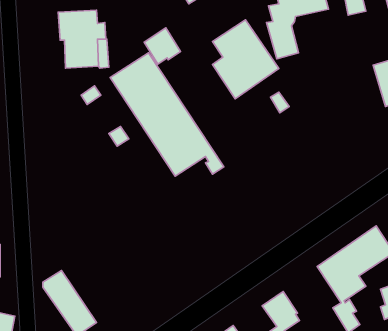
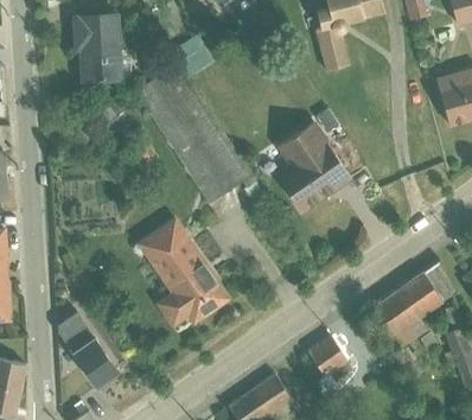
building: [212,20,279,99] -> [275,121,351,211]
building: none -> [136,218,227,323]

